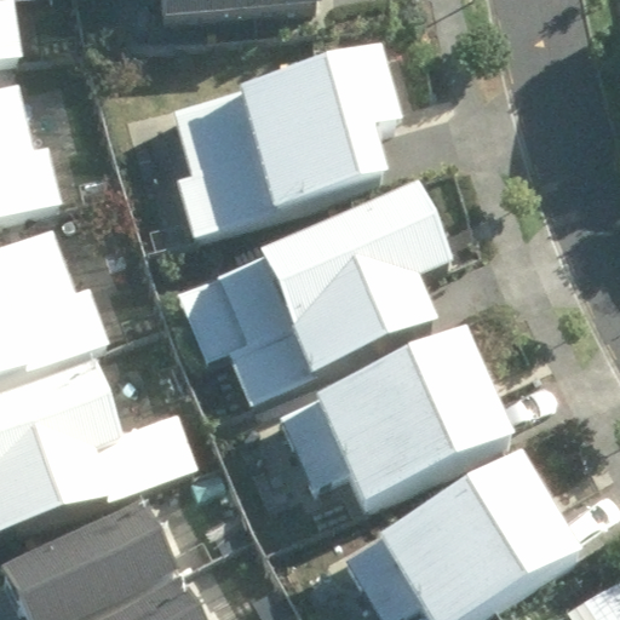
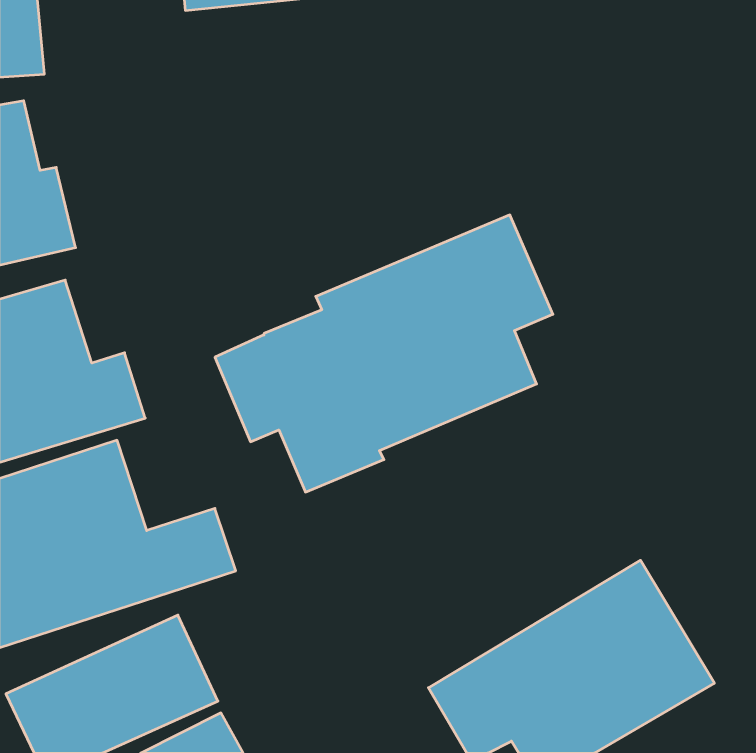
building: [173,51,396,243] -> none
building: [283,334,517,509] -> none

